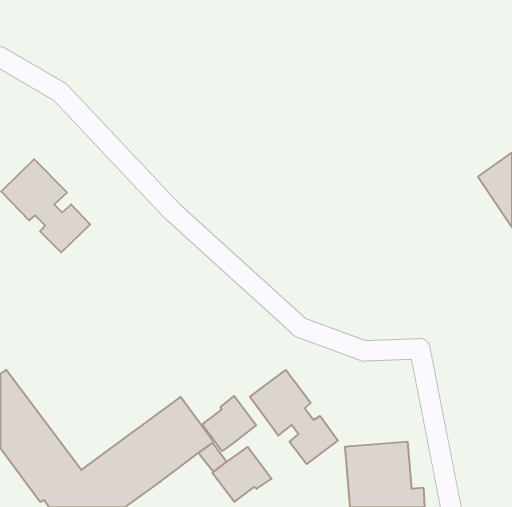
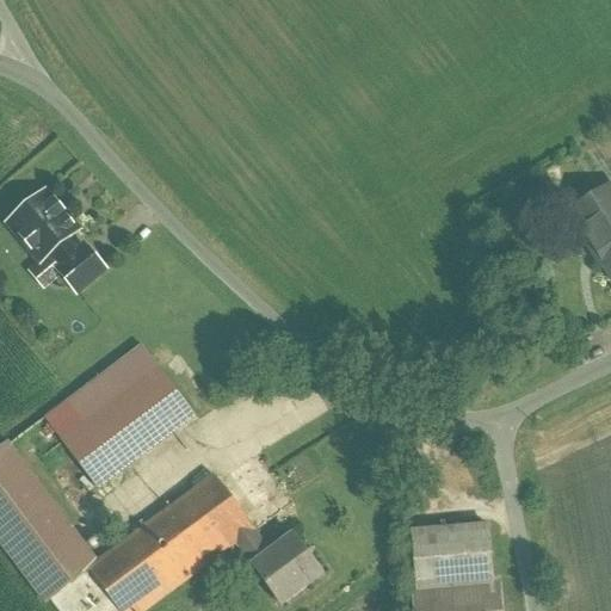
building: none -> [45,344,195,485]
building: [250,370,338,464] -> none
building: [202,396,256,451] -> none

